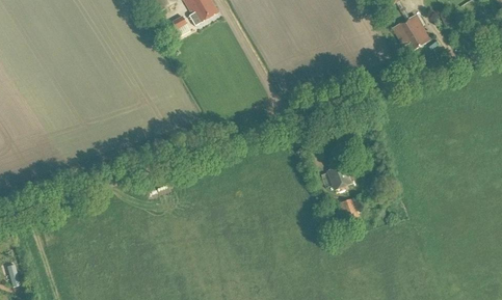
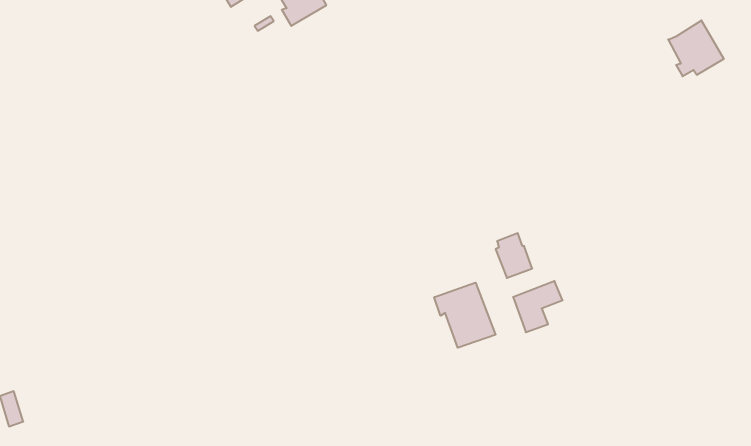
building: [391,13,427,50] -> [668,20,724,76]
building: none -> [434,283,496,348]

